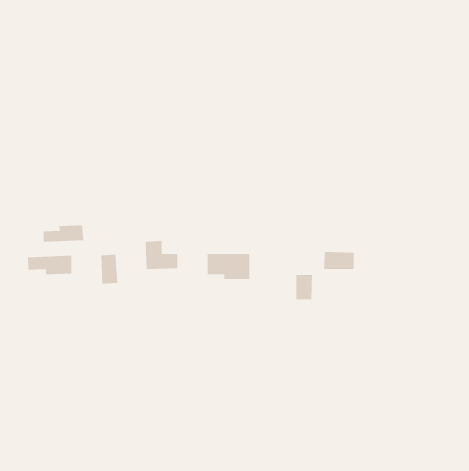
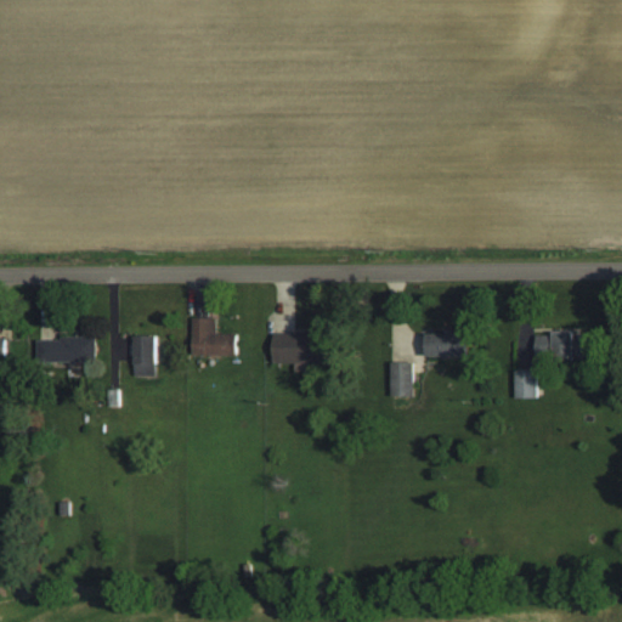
building: [43,224,84,243] -> none
building: none -> [536,333,588,357]
building: none -> [513,371,536,397]

